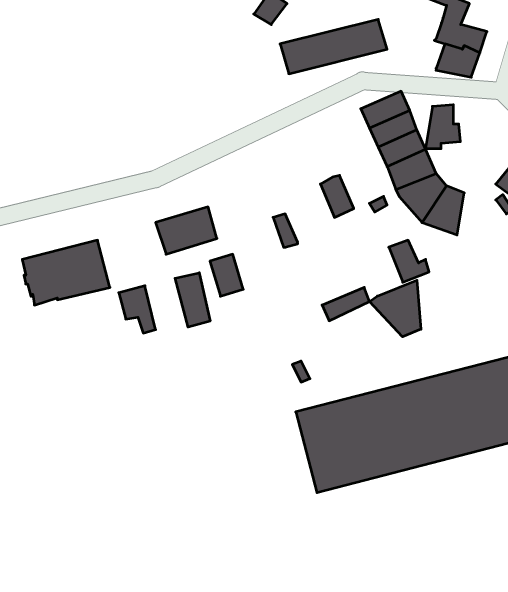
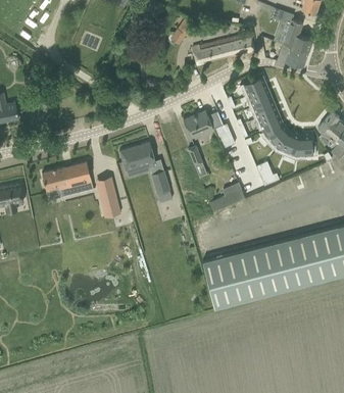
building: [425,105,460,149] -> [295,133,315,158]
building: none -> [183,110,213,139]
building: [175,273,210,327] -> none
building: [369,280,421,337] -> none

